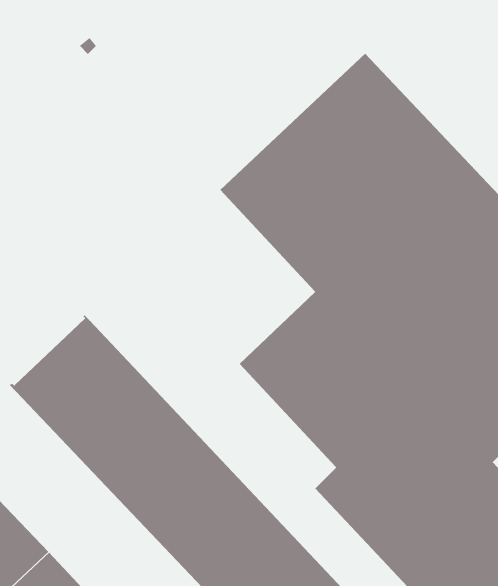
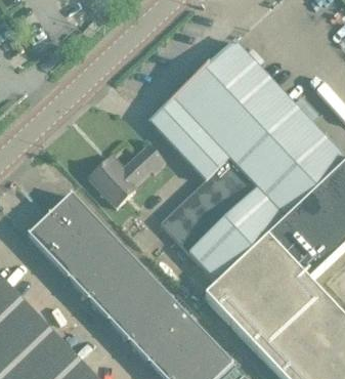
building: none -> [89,142,165,205]

